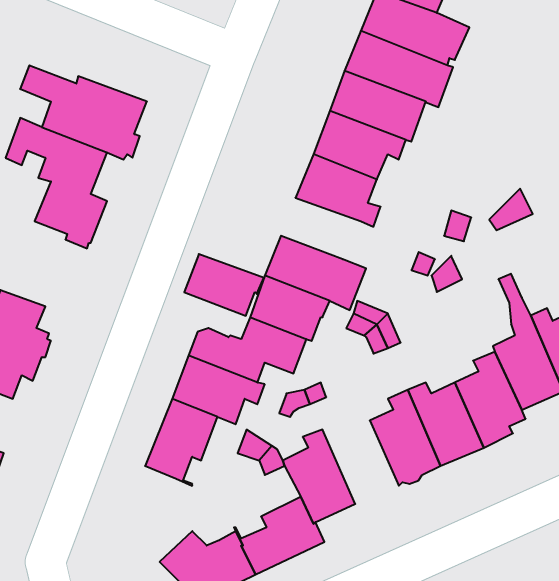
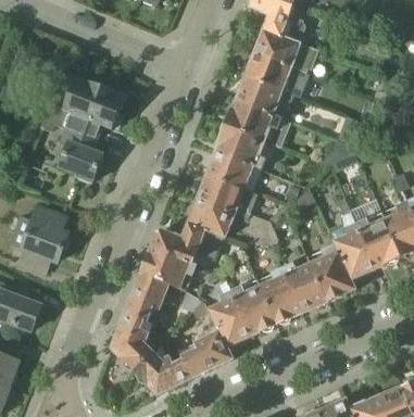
building: [184,254,264,316] -> [206,151,254,188]
building: none -> [231,285,277,334]
building: none -> [111,312,153,369]

